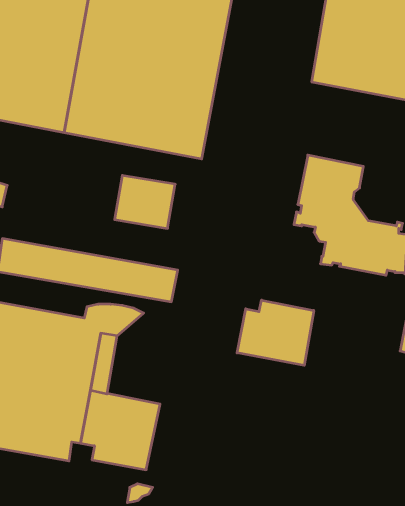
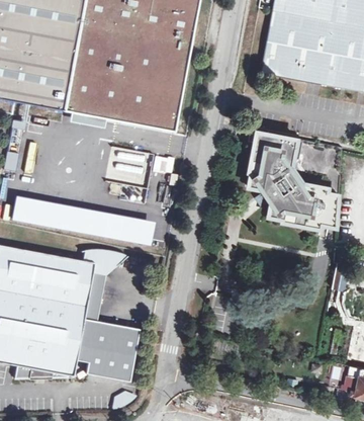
building: [237,300,314,365] -> none

